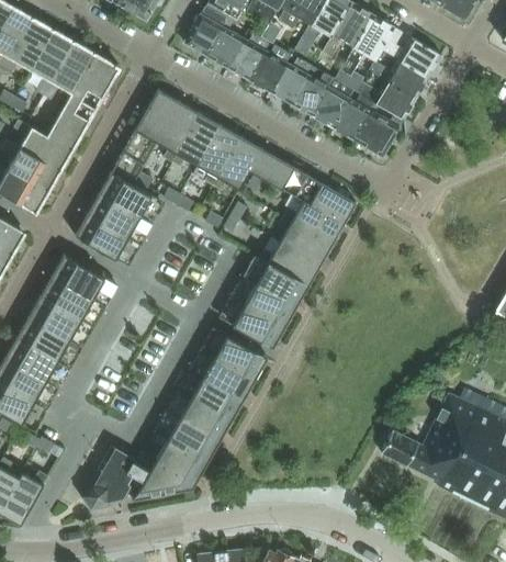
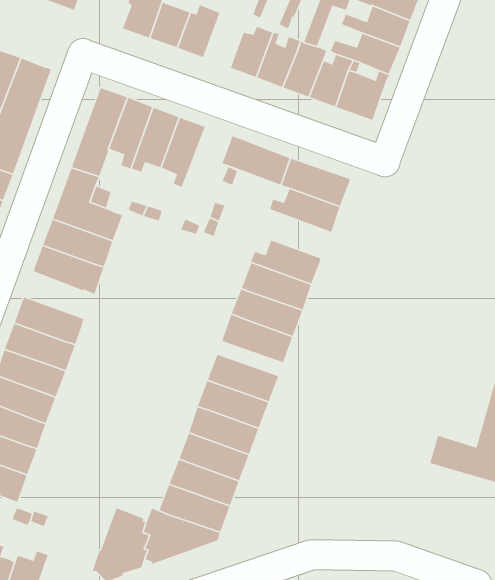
building: [248,45,290,91] -> none
building: [212,137,261,191] -> none
building: [277,216,331,265] -> none

